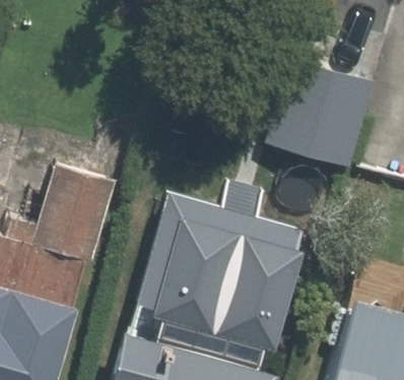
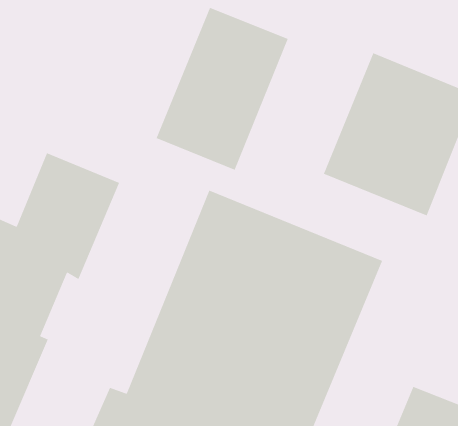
building: none -> [155,7,289,171]

